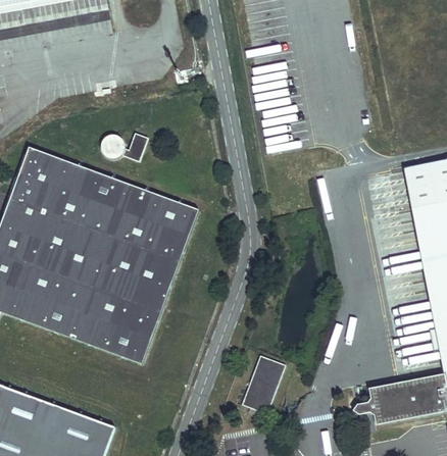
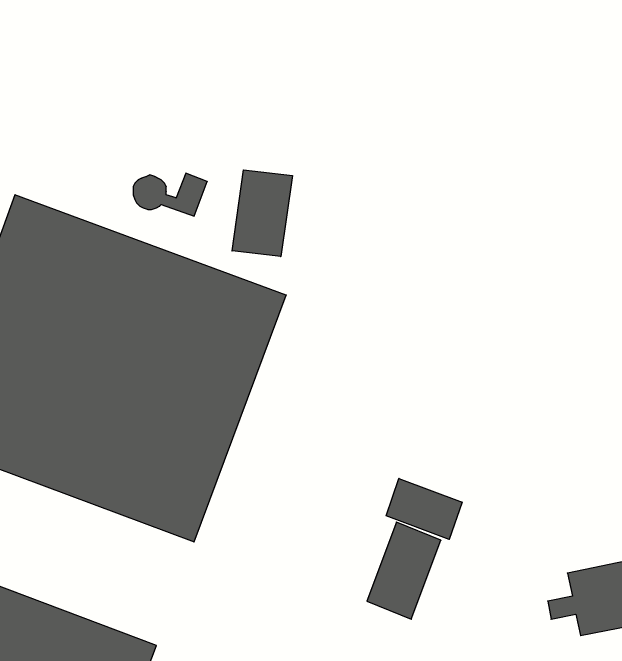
building: none -> [232,170,292,257]
building: none -> [386,478,462,539]

